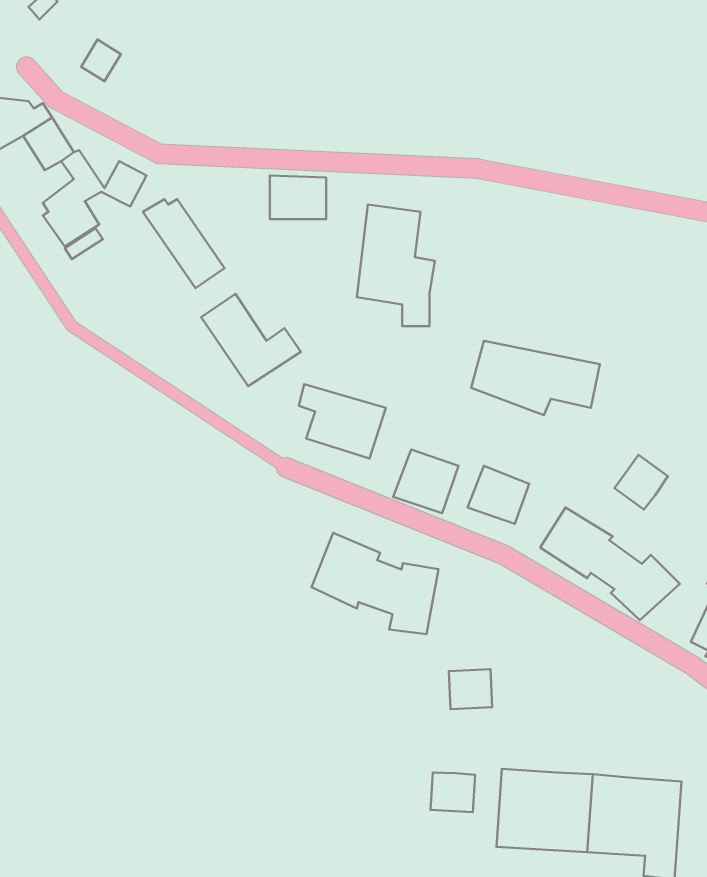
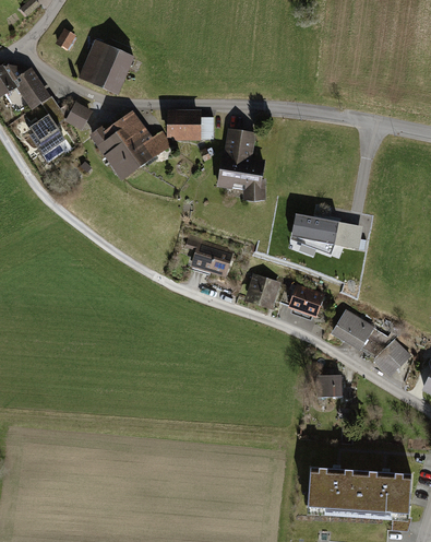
building: none -> [80,37,133,91]
building: [201,294,301,386] -> [111,109,171,165]
building: [615,455,668,509] -> none
building: [312,533,438,634] -> none
building: [449,669,492,709] -> [316,375,343,399]
building: [431,773,475,812] -> none

